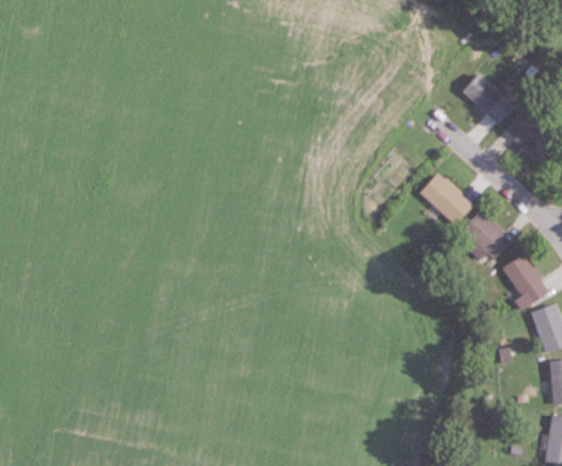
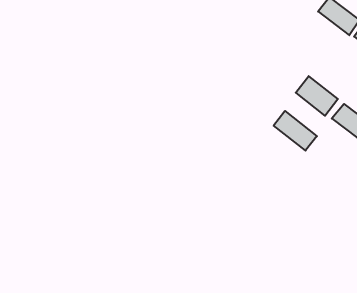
building: none -> [274,111,317,151]

